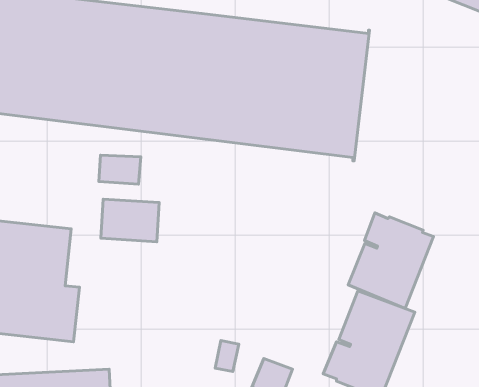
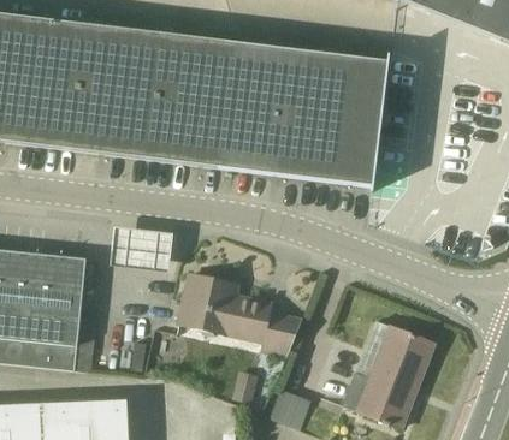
building: [99,155,141,184] -> none
building: [348,213,434,308] -> none
building: none -> [174,272,301,358]

